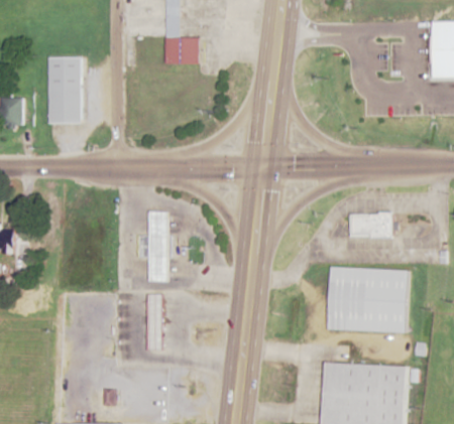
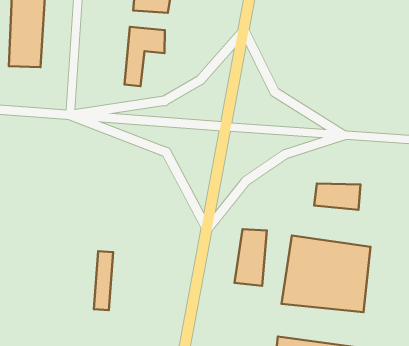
building: none -> [125,27,165,86]
building: [137,211,171,281] -> none
building: none -> [234,229,267,286]

